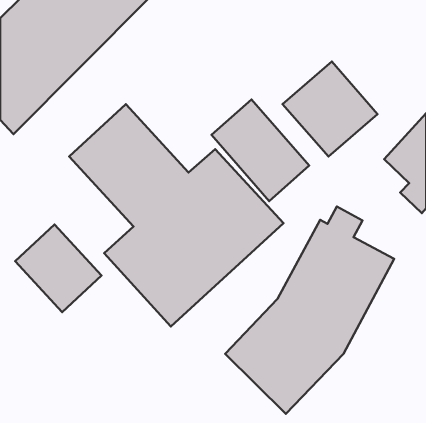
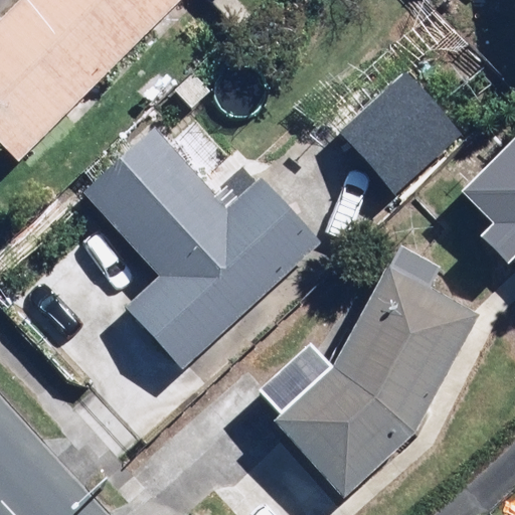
building: [211,99,309,201] -> none
building: [15,224,101,312] -> none

